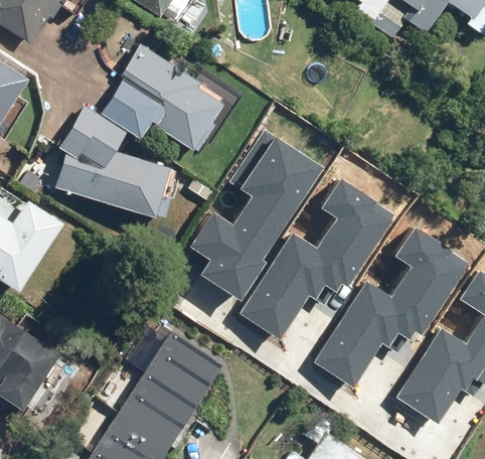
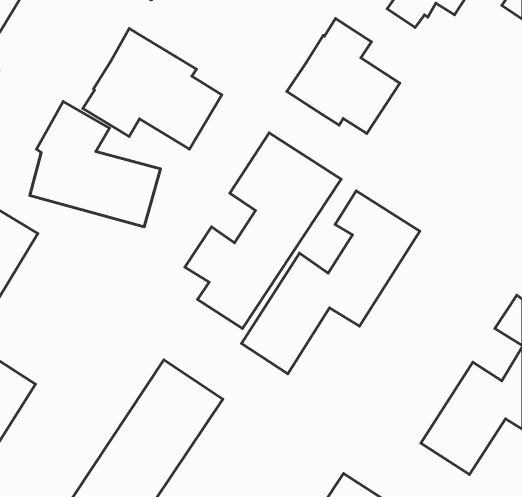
building: none -> [287,18,400,133]
building: [315,231,470,389] -> none

